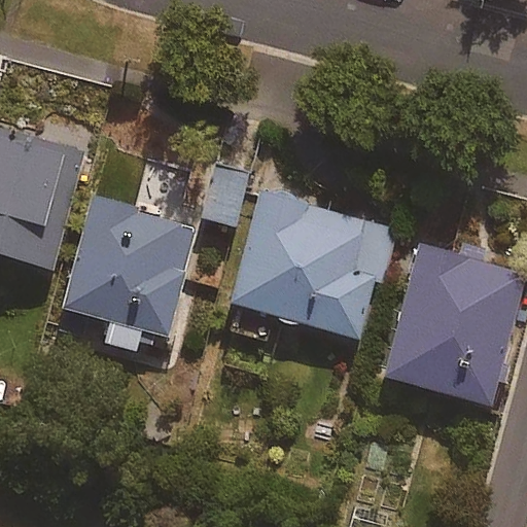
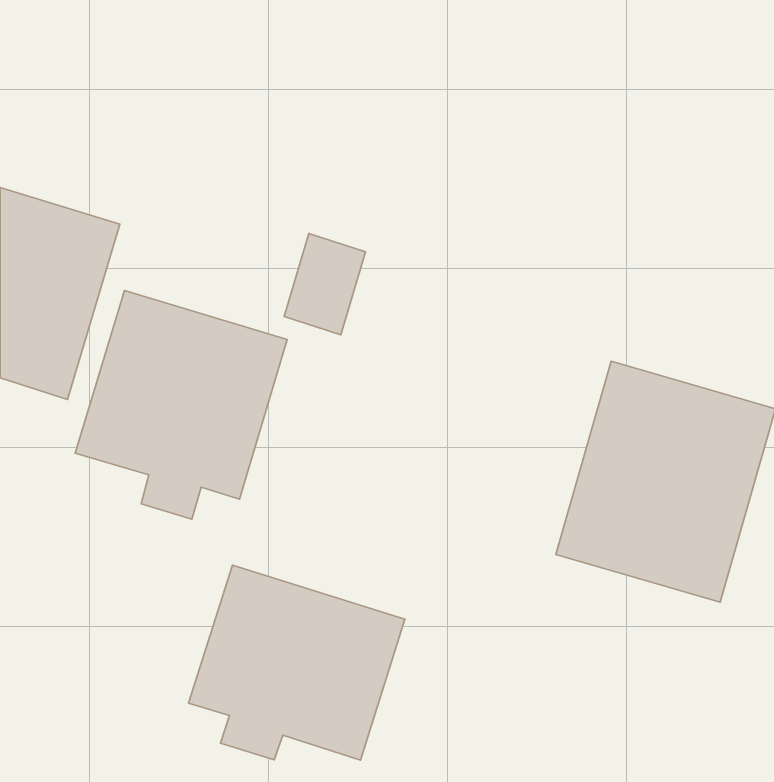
building: [227,188,376,340] -> none
building: none -> [189,565,405,760]

